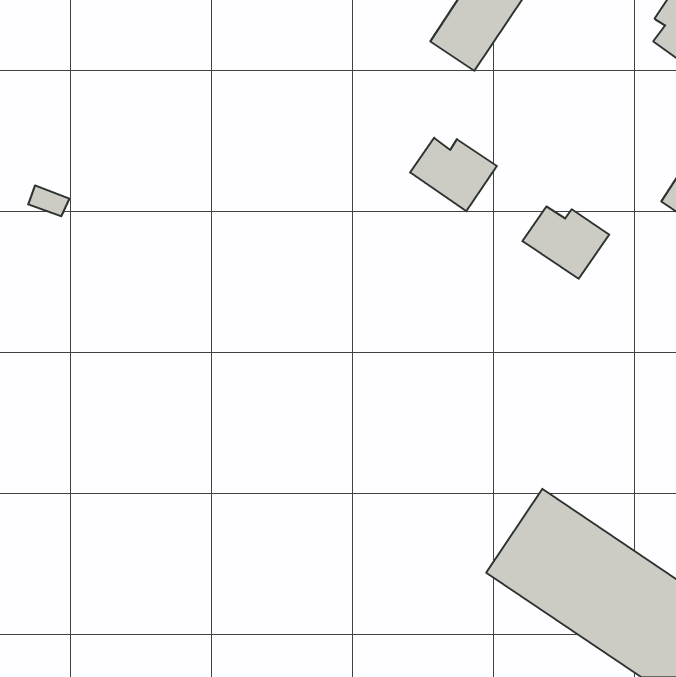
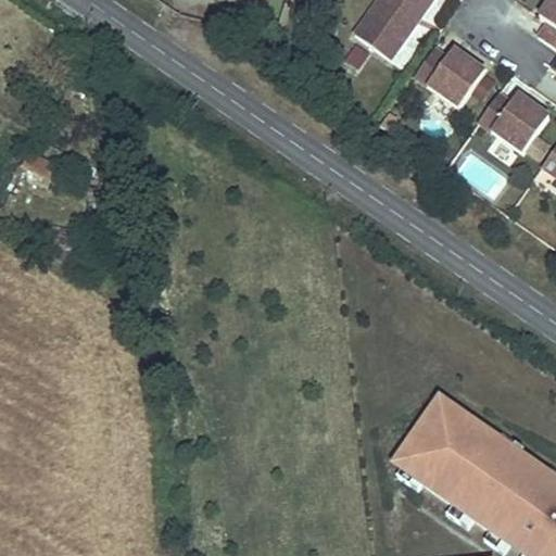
building: [410,138,497,211] -> [414,48,484,108]
building: [522,207,609,279] -> [478,92,548,151]

